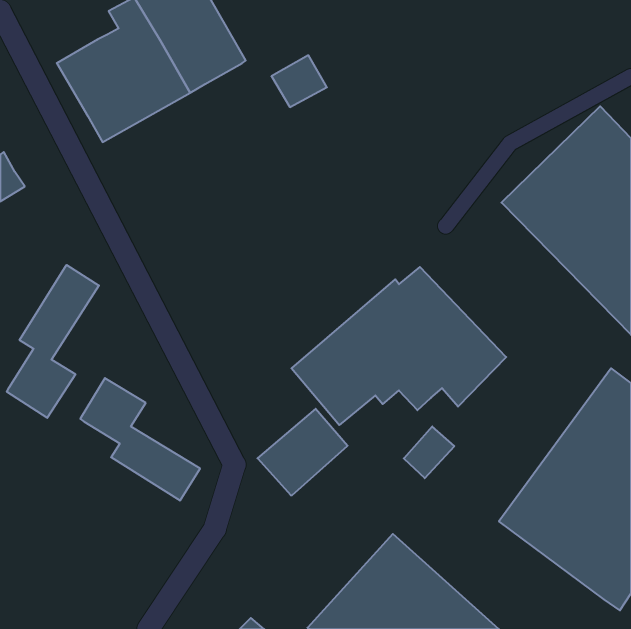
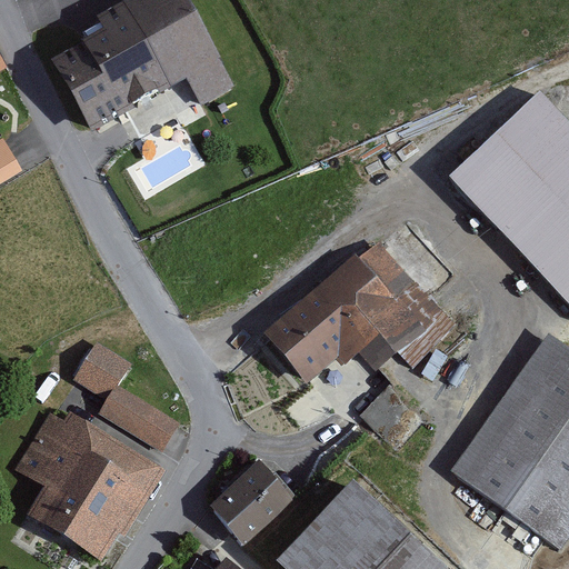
building: [271,55,327,107] -> [184,57,234,103]
building: [7,265,99,418] -> none
building: [257,409,348,495] -> [212,466,293,543]
building: none -> [16,408,167,559]

